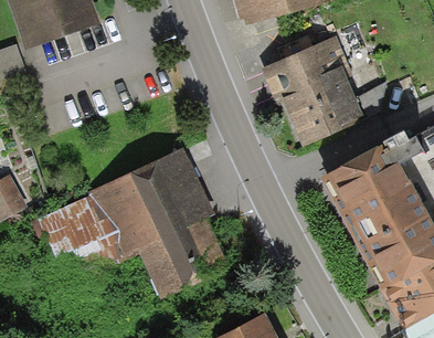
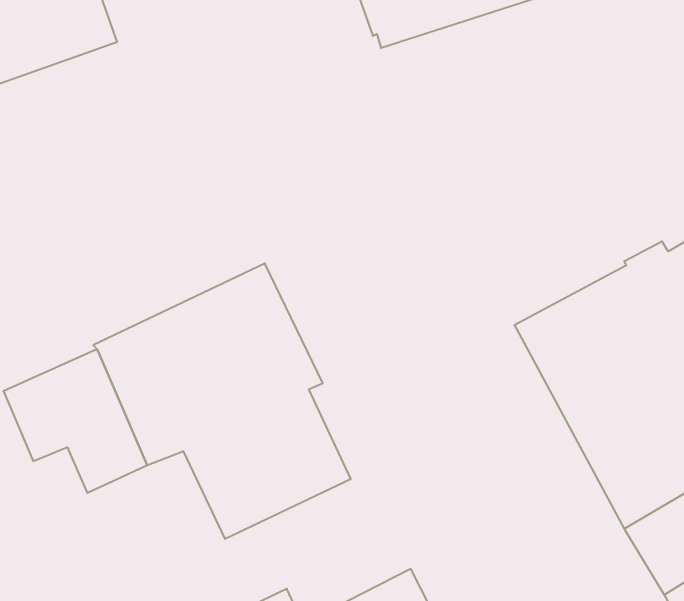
building: [262,34,368,149] -> none

